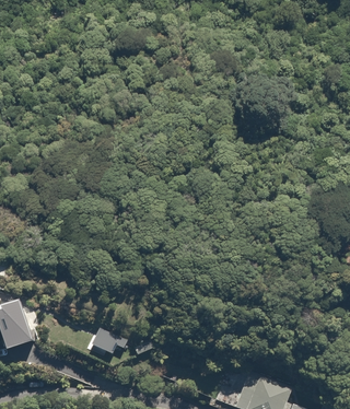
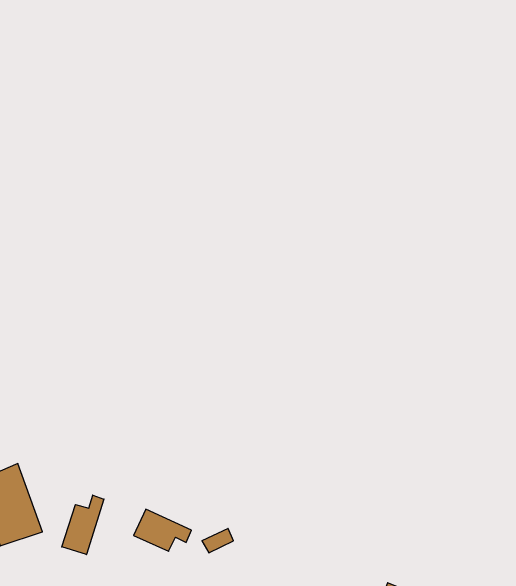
building: none -> [62,495,104,555]

